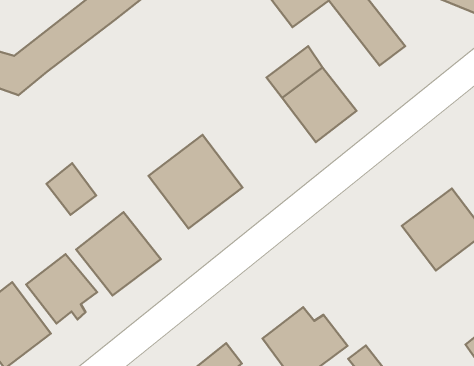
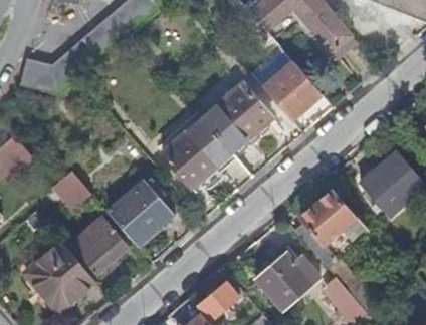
building: none -> [201,84,274,158]
building: [46,163,96,215] -> [51,170,90,210]
building: none -> [295,189,362,265]

